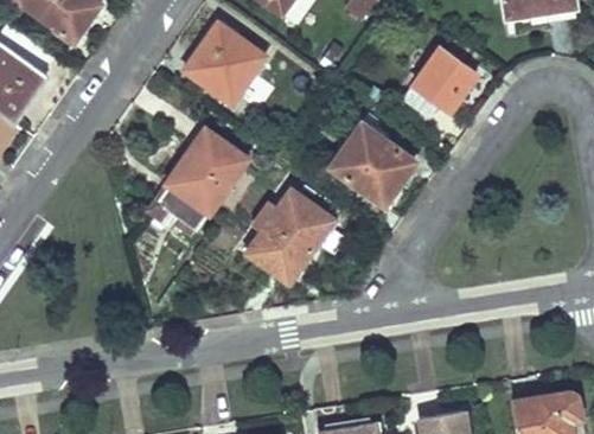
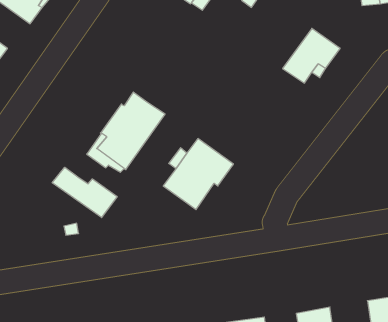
building: [186,21,266,102] -> none
building: [331,122,416,202] -> none
building: none -> [52,167,117,218]

